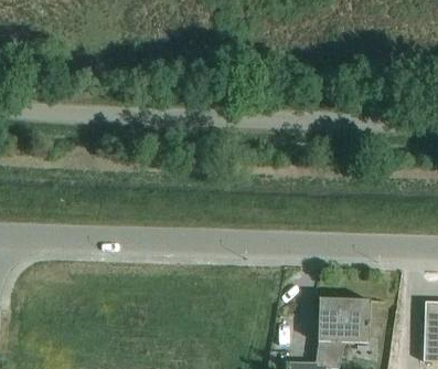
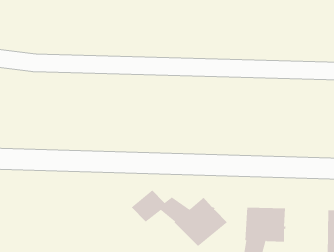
building: none -> [131,190,228,247]

